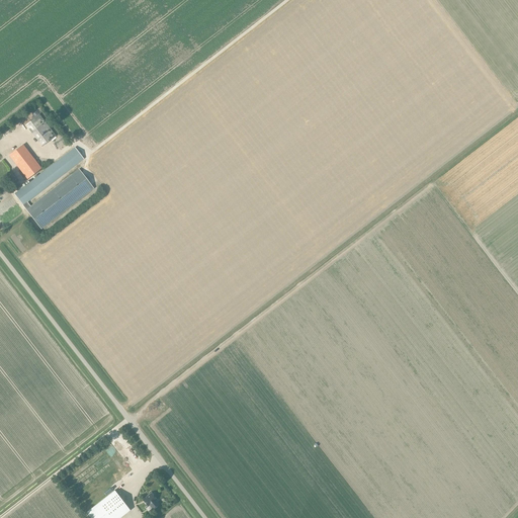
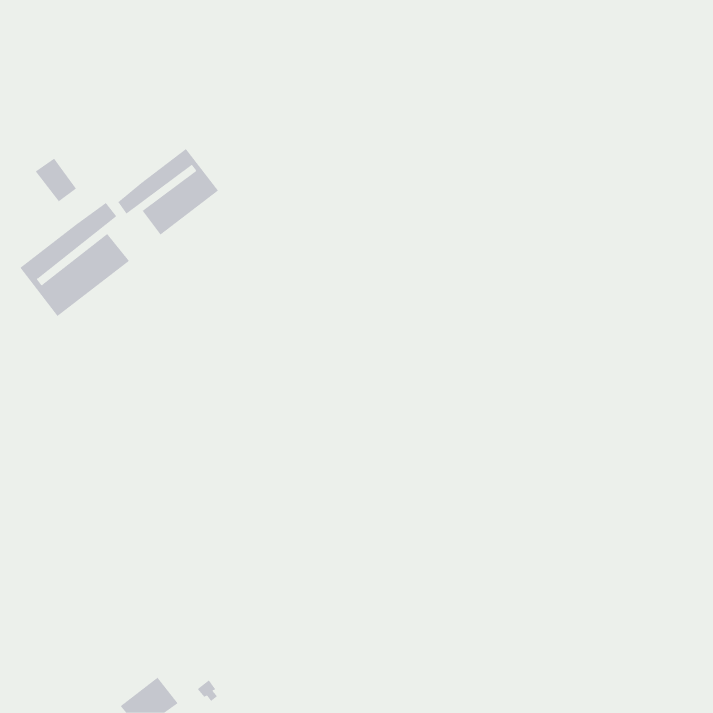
building: none -> [117,148,219,236]
building: [9,145,40,179] -> none

